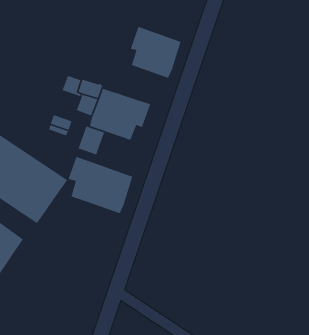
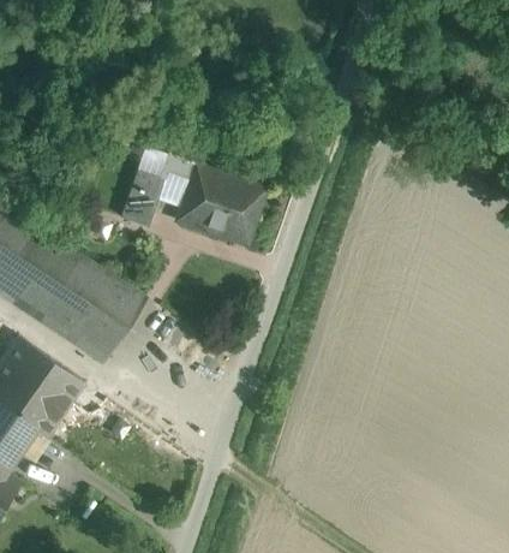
building: [130,26,182,79] -> none
building: [77,125,105,155] -> [126,171,166,214]
building: [68,156,134,214] -> none

